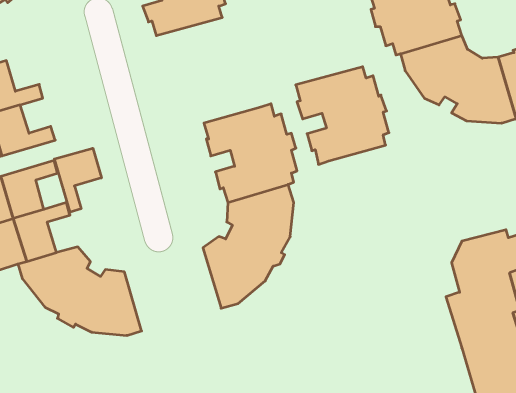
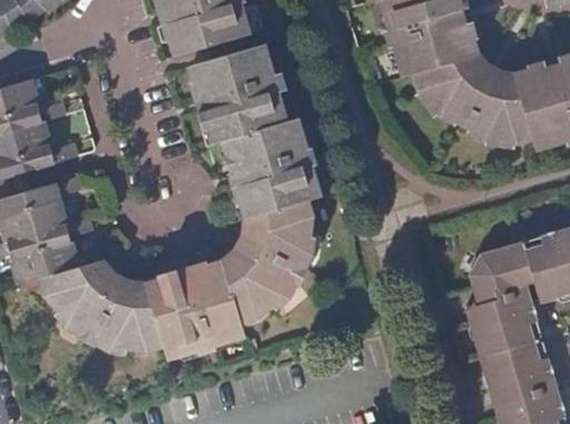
building: [296,67,389,164] -> [191,48,283,144]
building: [54,148,101,212] -> none
building: none -> [146,263,242,355]

